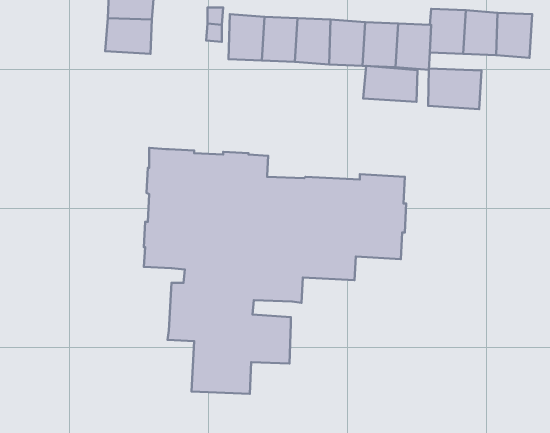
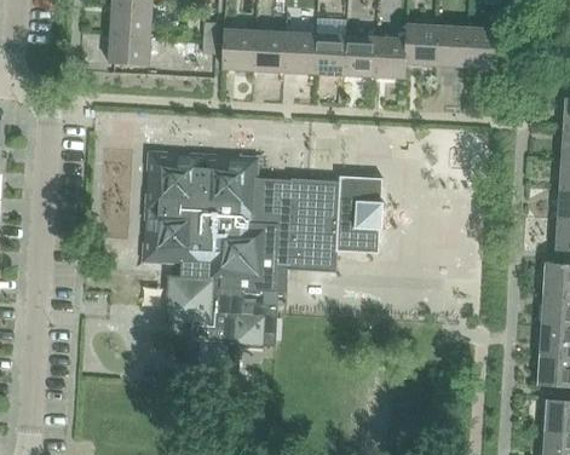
building: [363,66,418,102] -> none
building: [428,68,482,109] -> none

